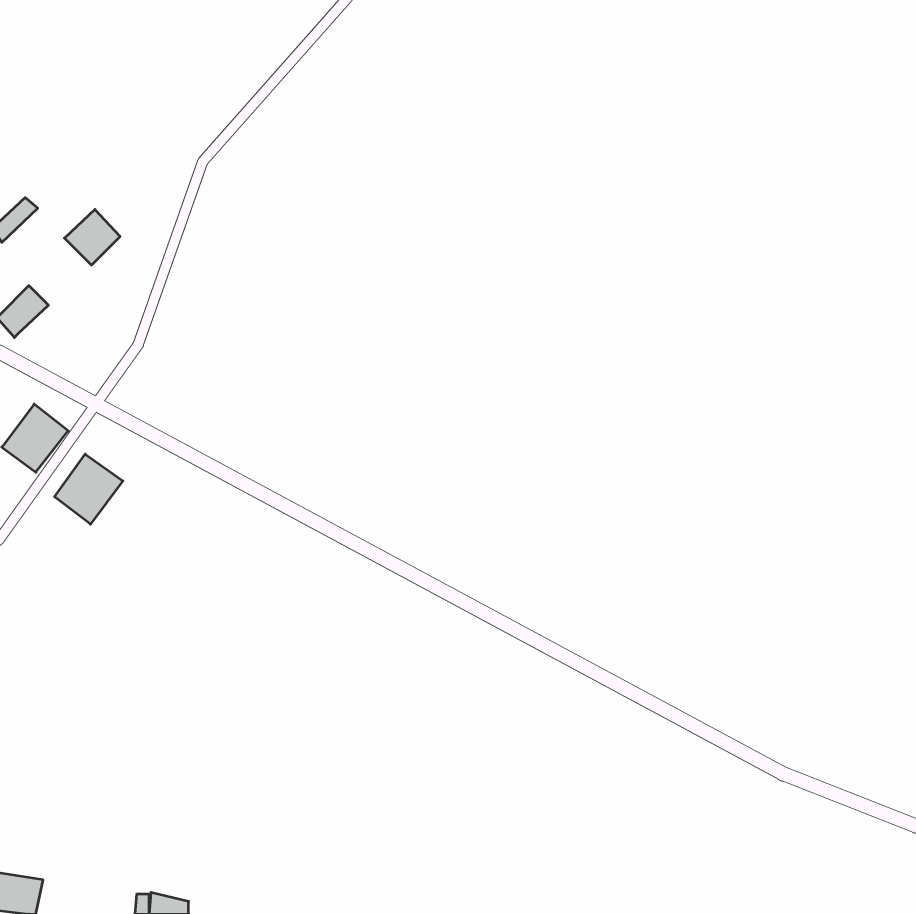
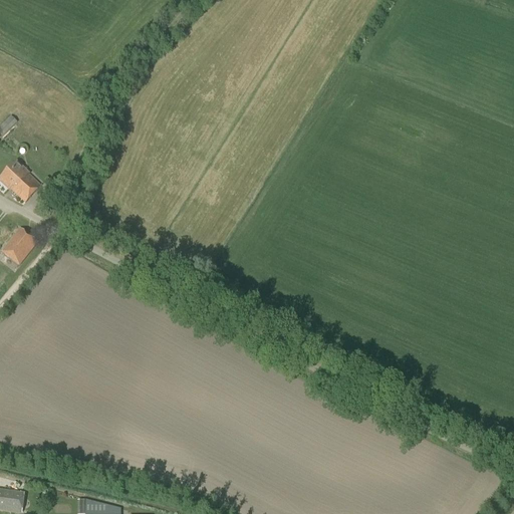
building: [64,209,120,265] -> [10,171,41,202]
building: [55,454,123,524] -> none

